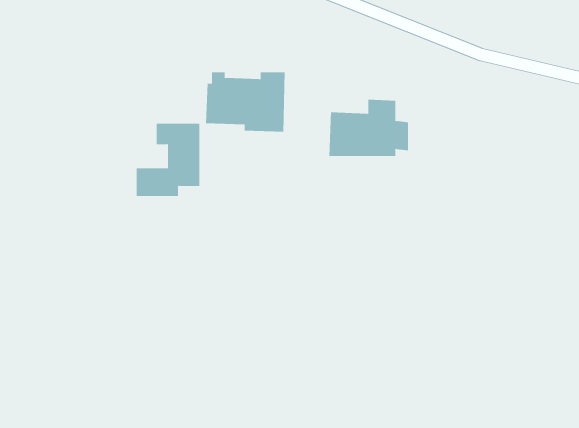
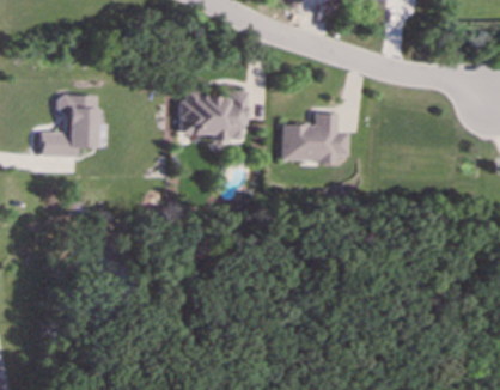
building: [136,123,200,197] -> [42,96,96,157]

